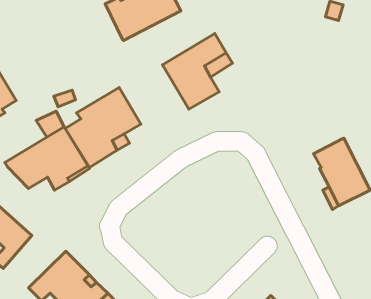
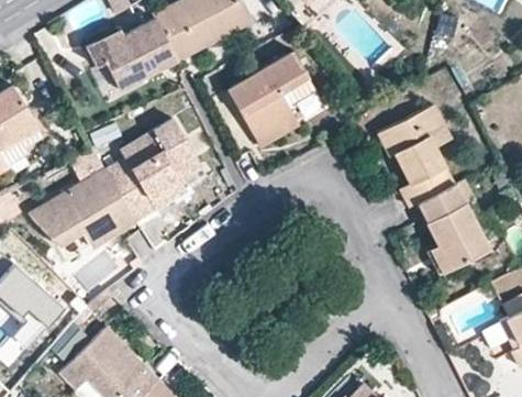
building: none -> [86,19,177,89]
building: none -> [377,104,454,208]

